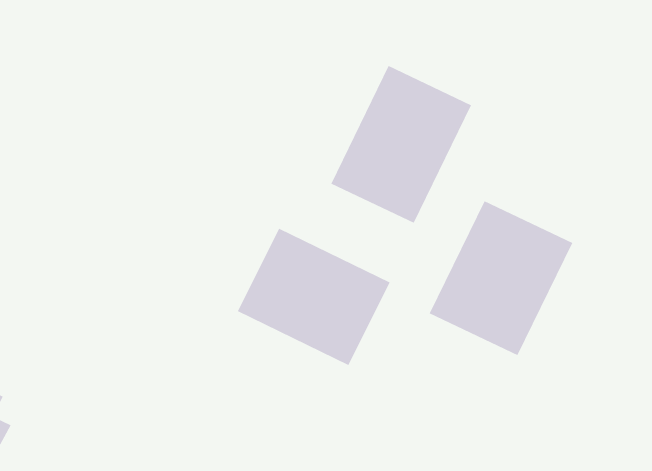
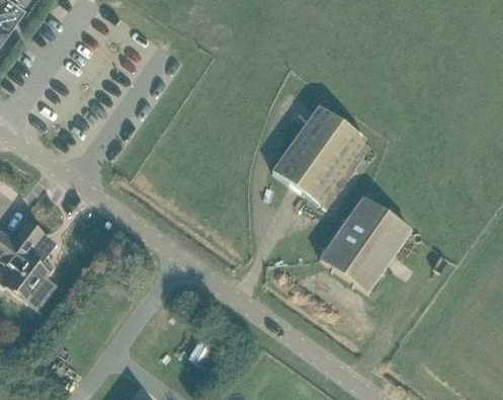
building: [237,228,391,366] -> none

